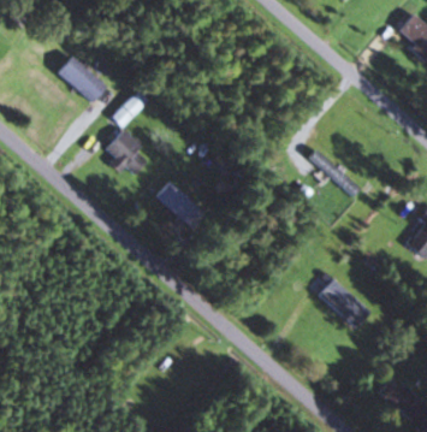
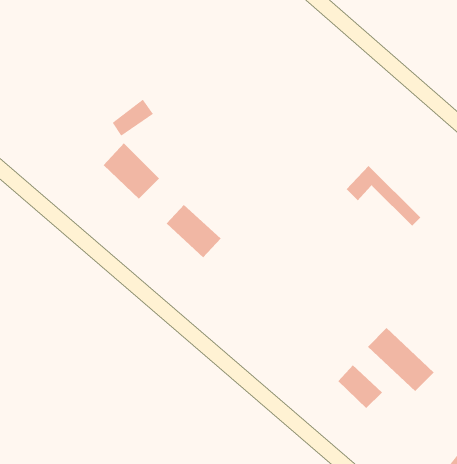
building: [57,55,107,103] -> none
building: none -> [338,365,383,409]

